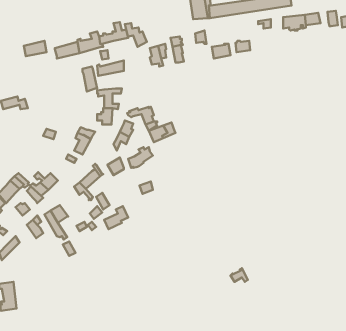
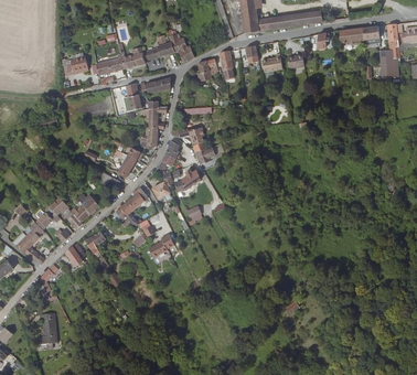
building: none -> [381,49,402,76]

